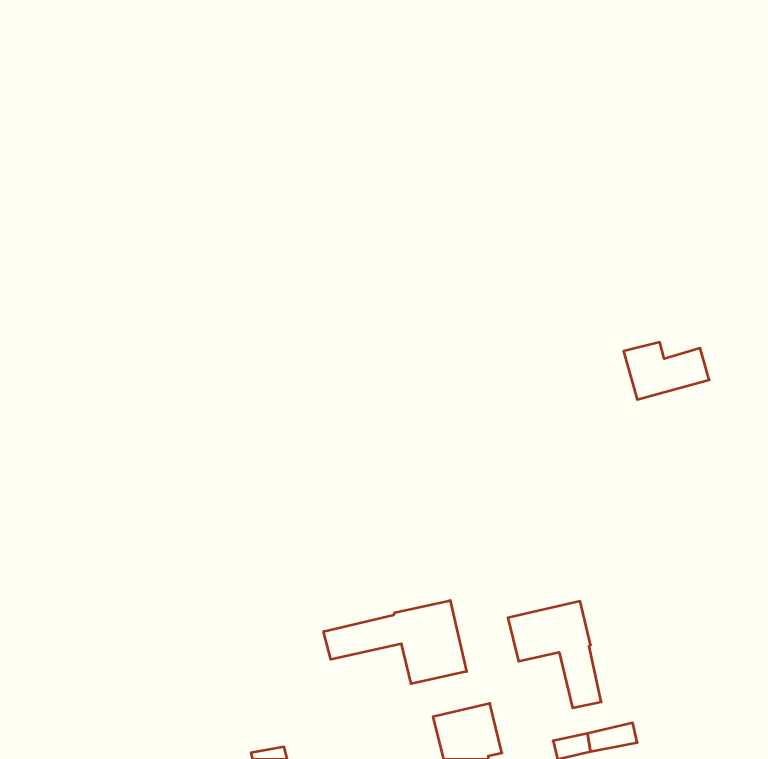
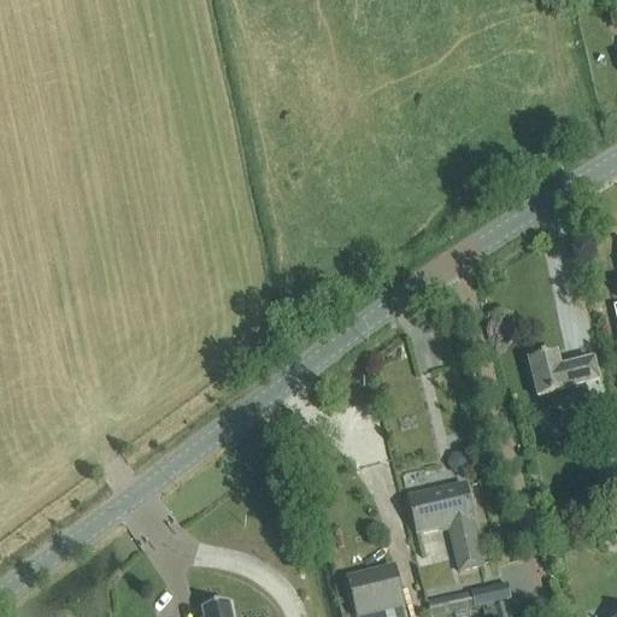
building: [624,342,709,399] -> [528,351,597,396]
building: [324,600,467,684] -> none

